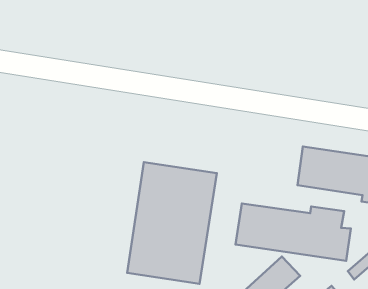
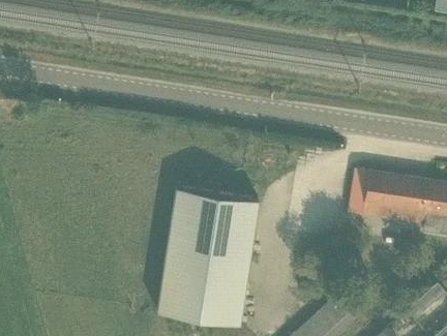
building: [236,204,351,261] -> none

